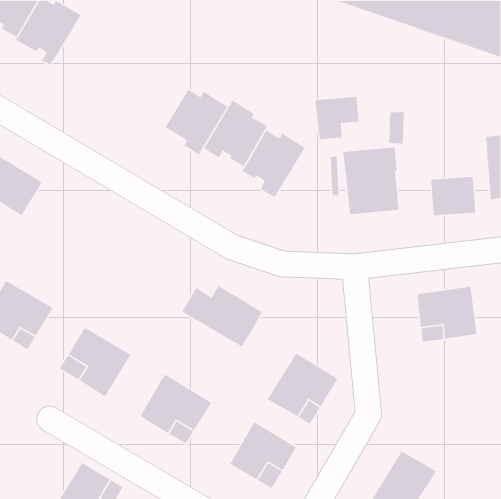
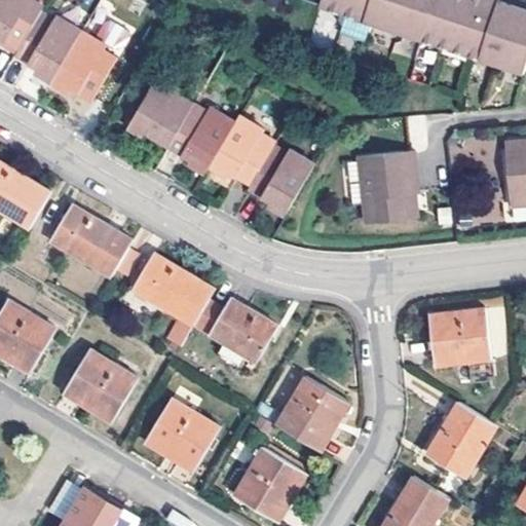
building: none -> [52,15,132,97]
building: none -> [129,74,194,142]
building: [314,96,359,140] -> none
building: none -> [43,211,126,284]
building: none -> [125,260,209,333]
building: none -> [428,400,498,475]

